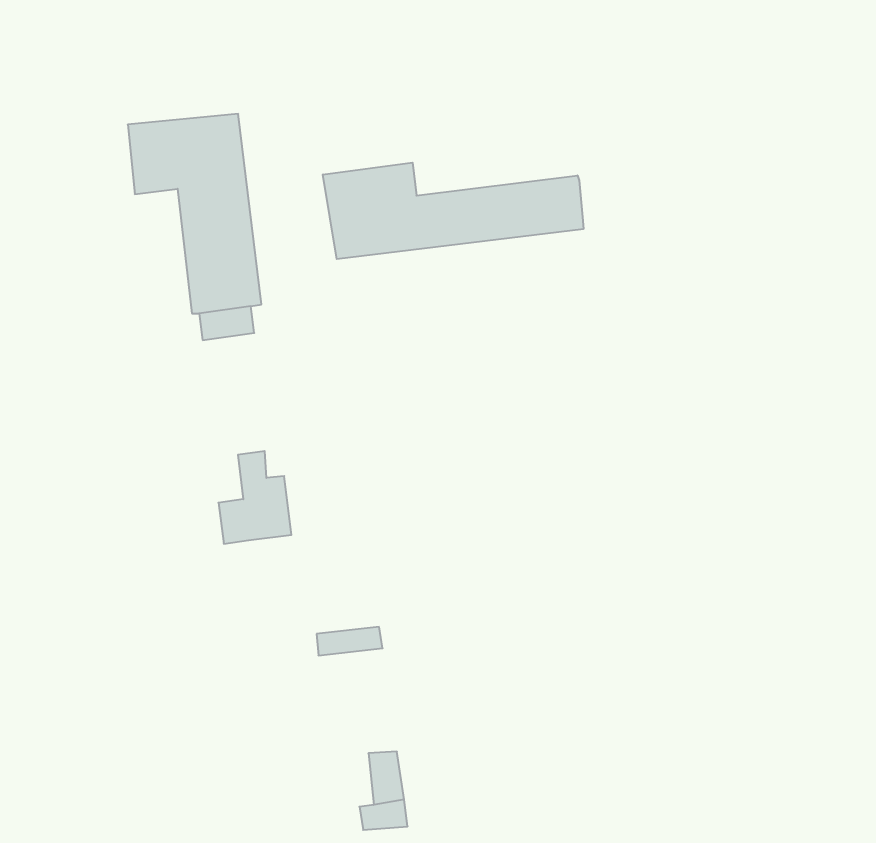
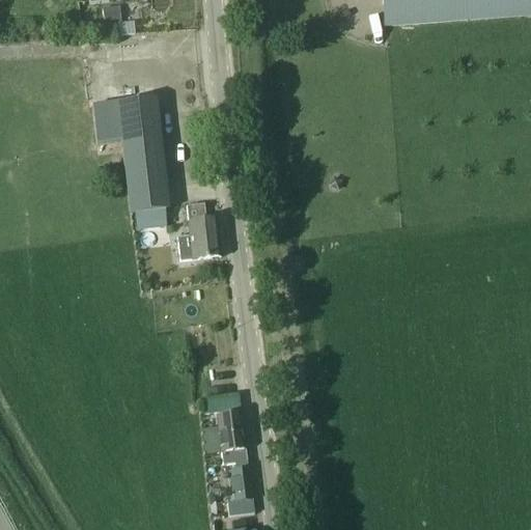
building: [323,163,583,259] -> none
building: [218,451,291,544] -> [177,203,220,257]
building: none -> [218,410,248,463]

